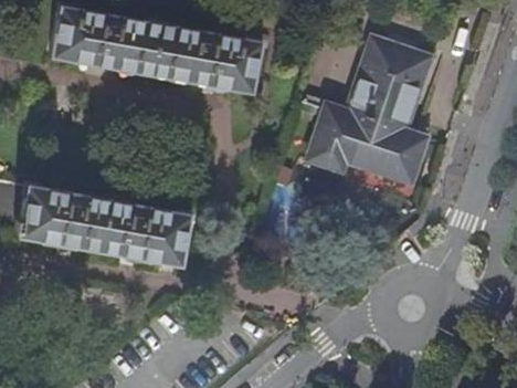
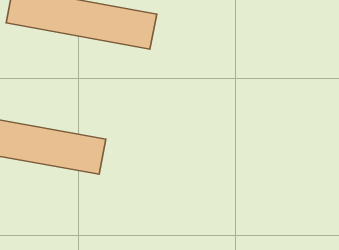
building: [309,40,431,185] -> none

